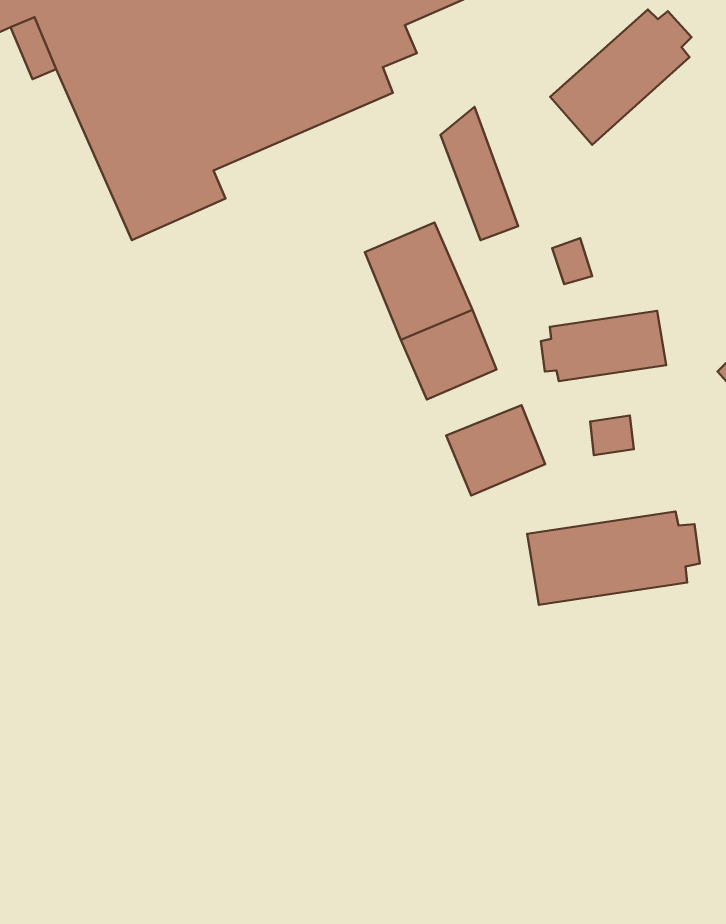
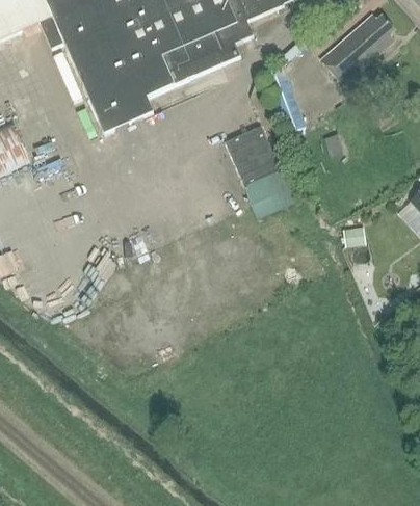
building: [541,311,666,381] -> none
building: [446,405,545,496] -> none
building: [527,511,700,605] -> none

